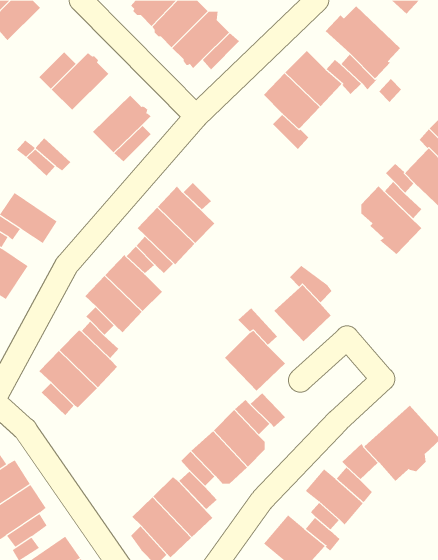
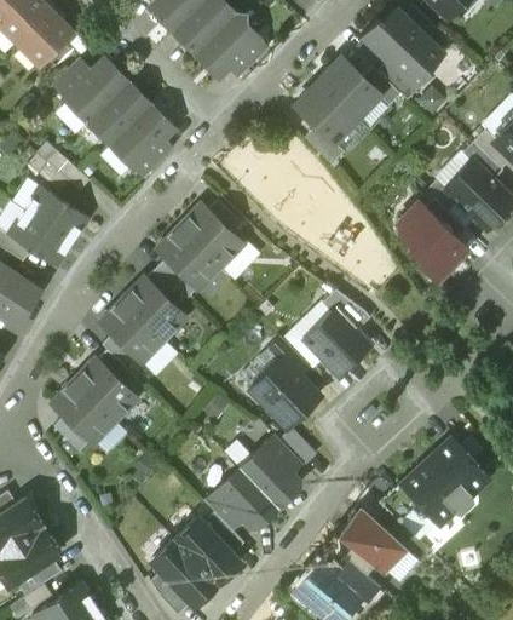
building: none -> [17,11,74,68]
building: none -> [87,82,150,145]
building: none -> [24,186,88,242]

